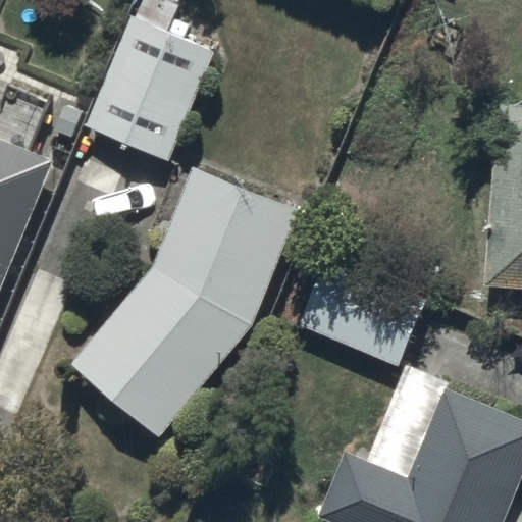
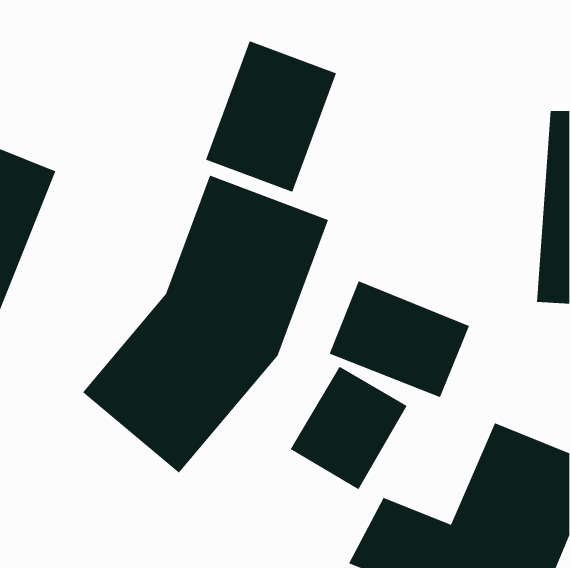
building: [87,20,206,158] -> [205,41,337,193]
building: none -> [290,366,408,490]

